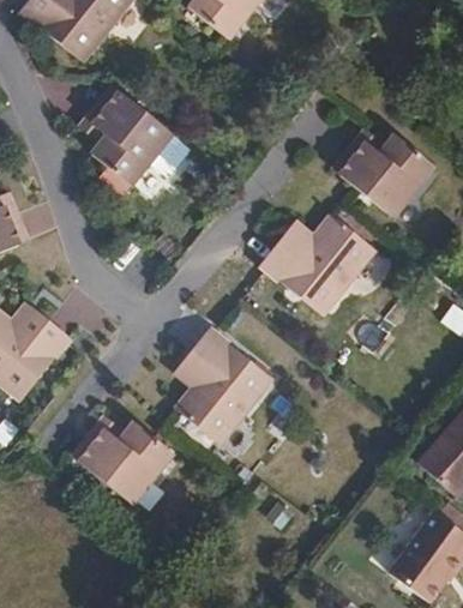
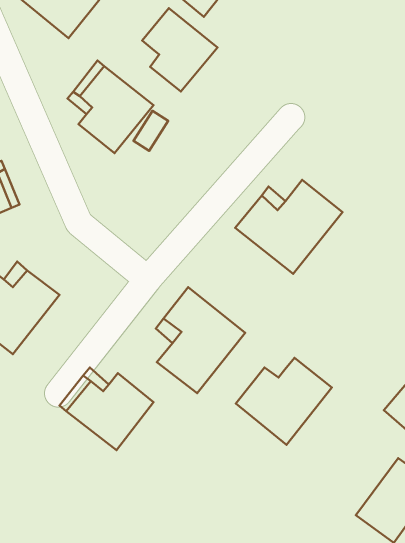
building: none -> [142,8,217,92]
building: [338,134,432,216] -> none
building: none -> [236,358,332,445]

